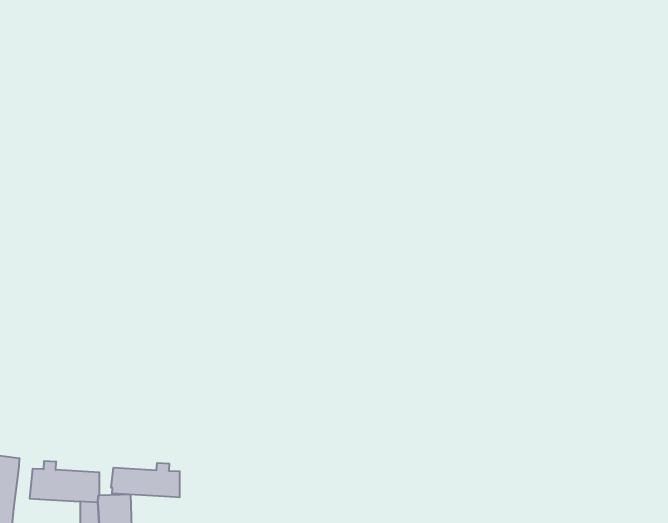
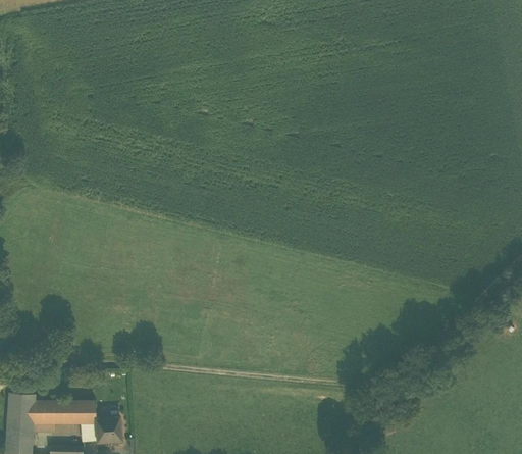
building: [111,463,180,497] -> none
building: none -> [32,402,50,434]

